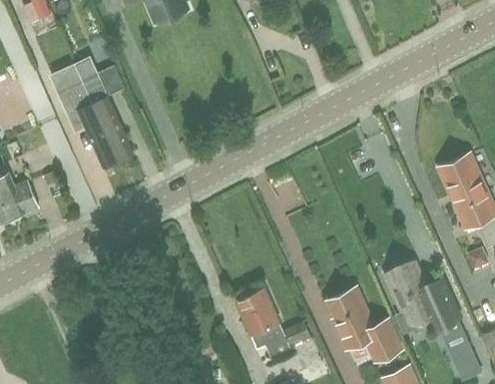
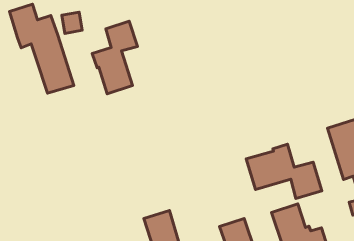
building: none -> [92,21,137,94]
building: none -> [246,144,322,199]

